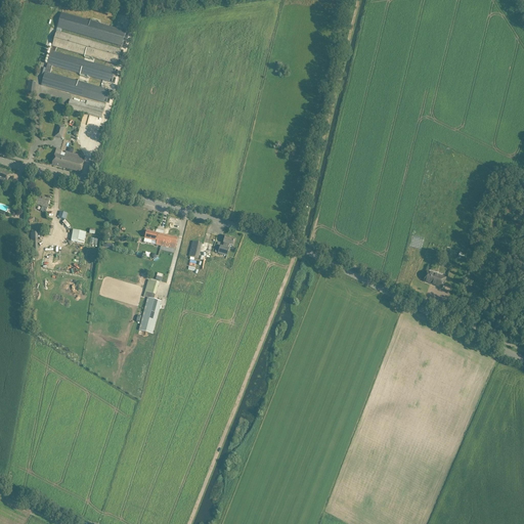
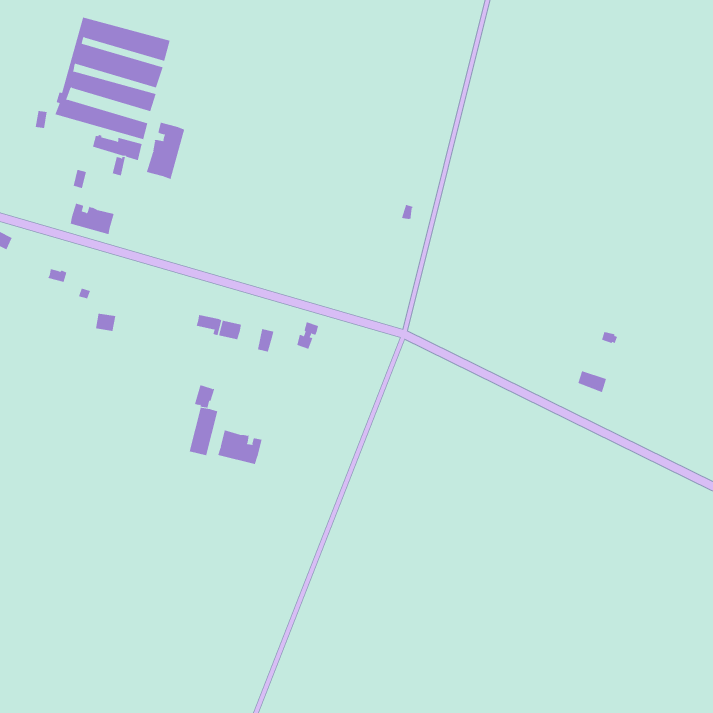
building: none -> [146,122,185,180]
building: none -> [218,430,262,465]

